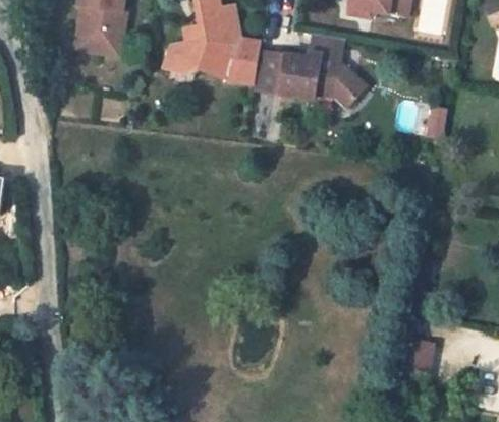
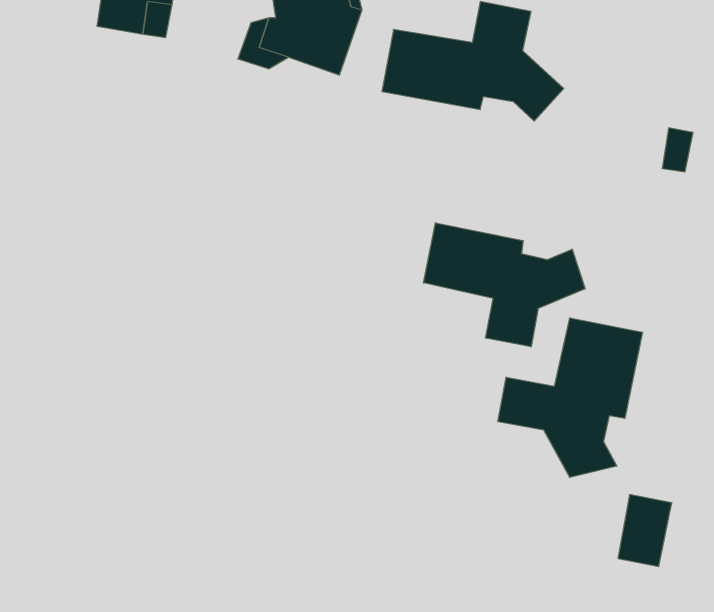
building: none -> [423,223,585,347]
building: none -> [498,318,643,478]

